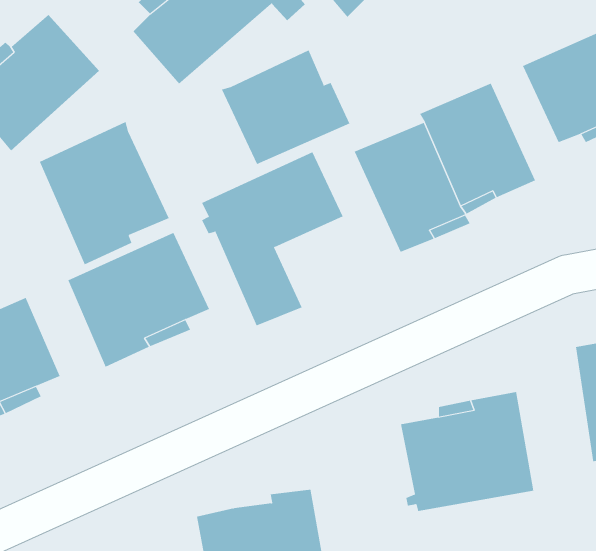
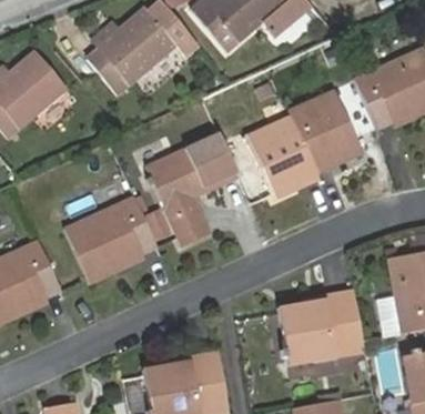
building: [221,49,350,165] -> none
building: [39,121,170,265] -> none

